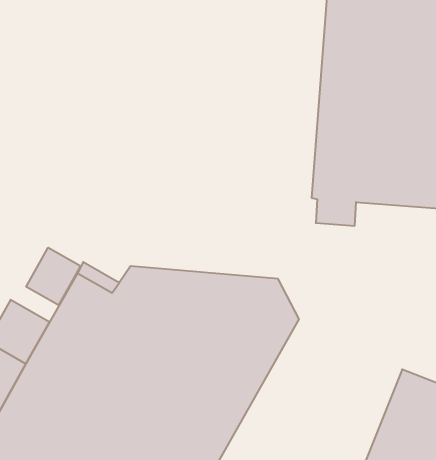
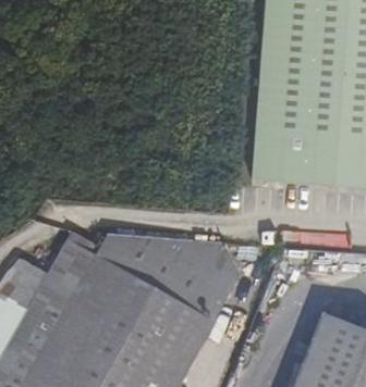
building: [26,248,81,305] -> none

